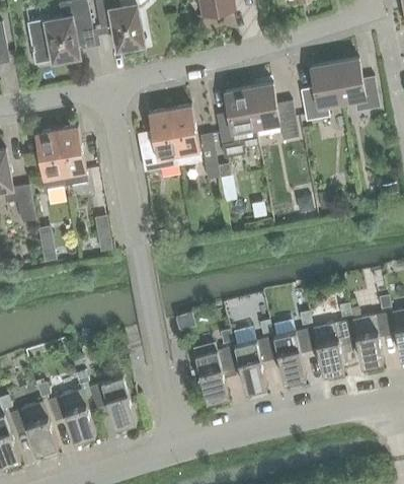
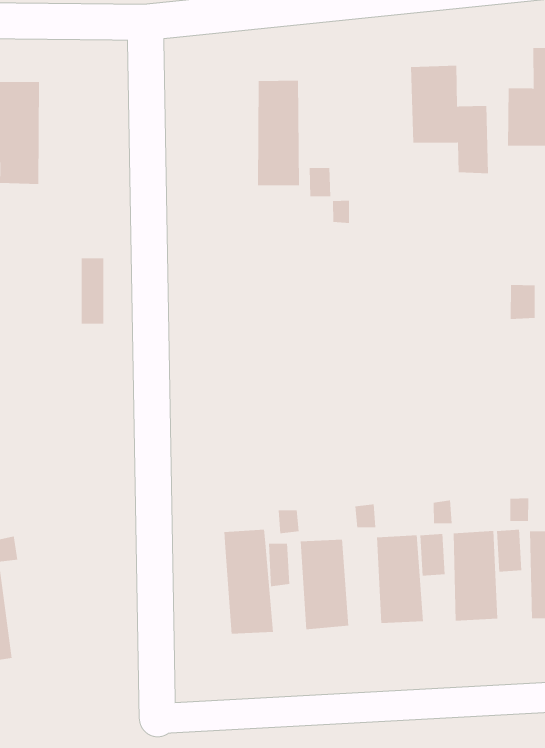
building: [216,88,257,156] -> none
building: [141,110,178,170] -> none
building: [56,126,86,184] -> none
building: [100,376,136,427] -> none

